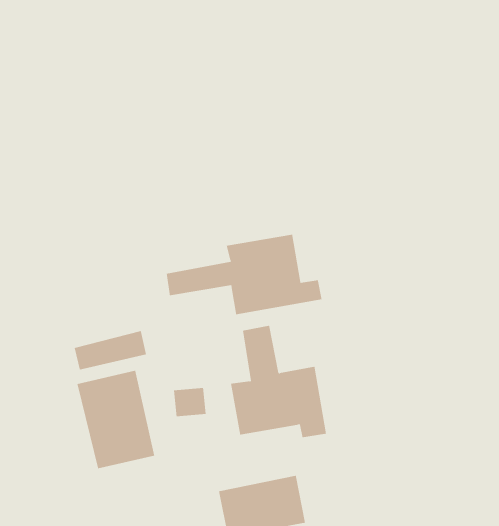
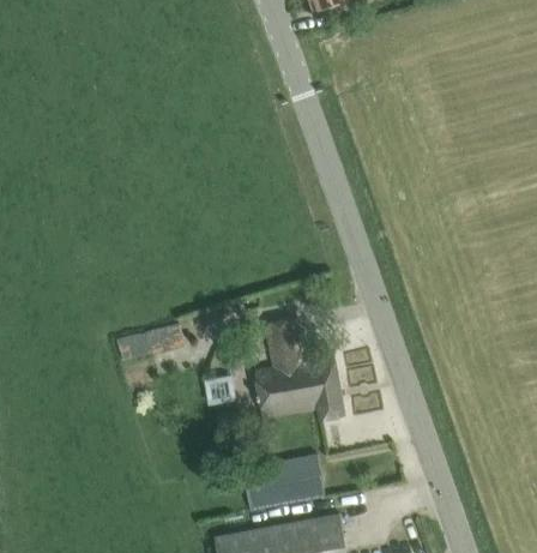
building: [166,234,322,315] -> none
building: [77,370,155,469] -> none

